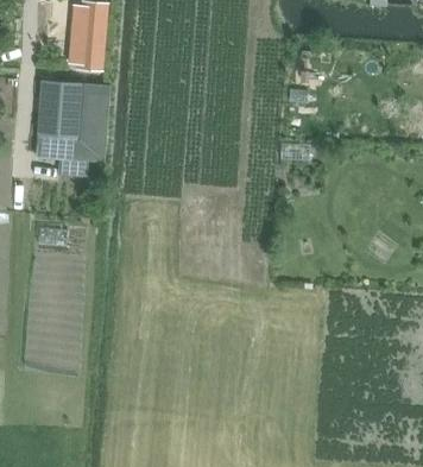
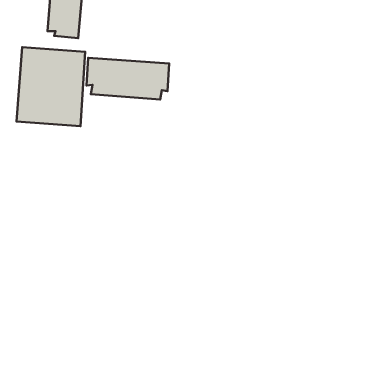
building: none -> [86,58,169,99]

